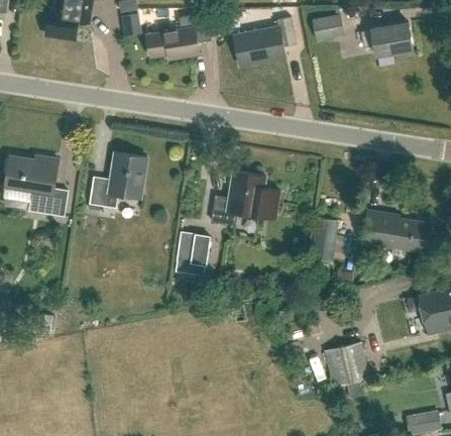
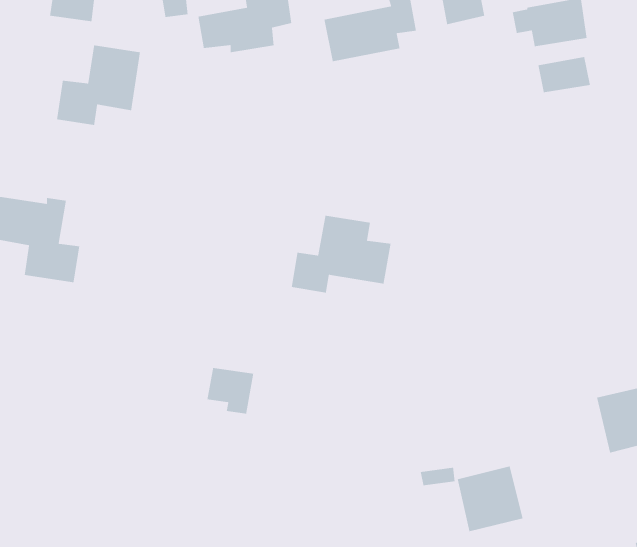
building: none -> [538,56,591,93]
building: [89,153,146,209] -> [56,44,141,126]
building: [362,212,430,252] -> none
building: [312,218,339,261] -> none
building: [178,232,210,264] -> [207,367,254,415]

